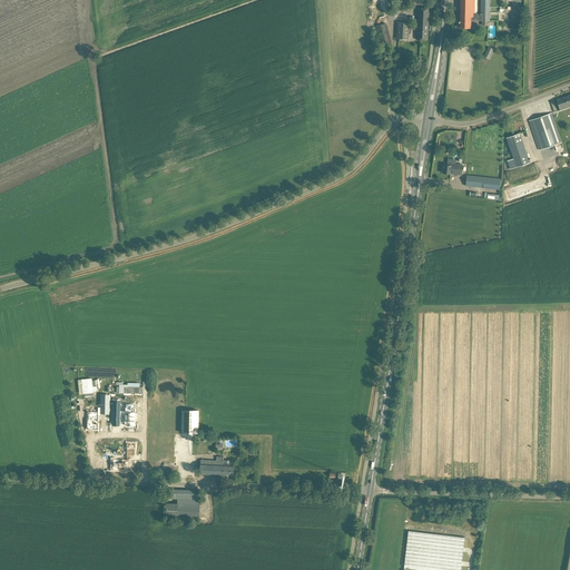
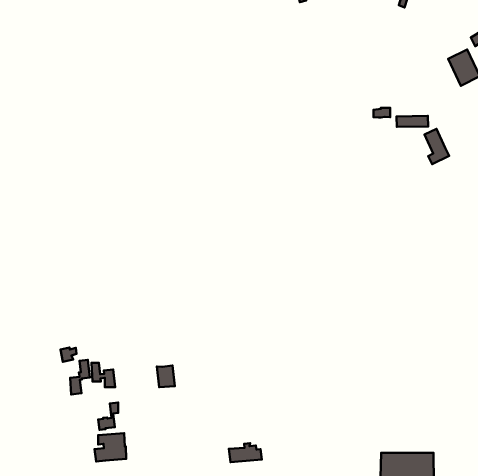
building: [505,132,529,169] -> [425,129,449,164]
building: [199,456,233,475] -> [229,443,262,462]
building: [166,489,199,518] -> [95,433,126,462]

